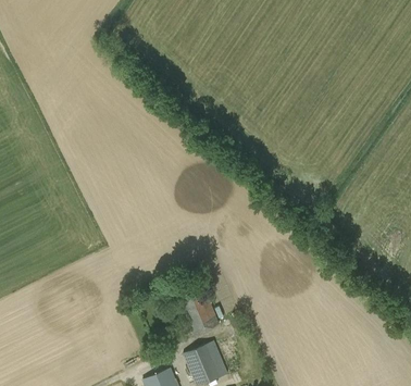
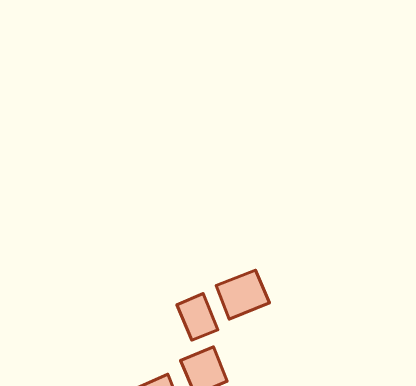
building: none -> [216,270,269,319]

